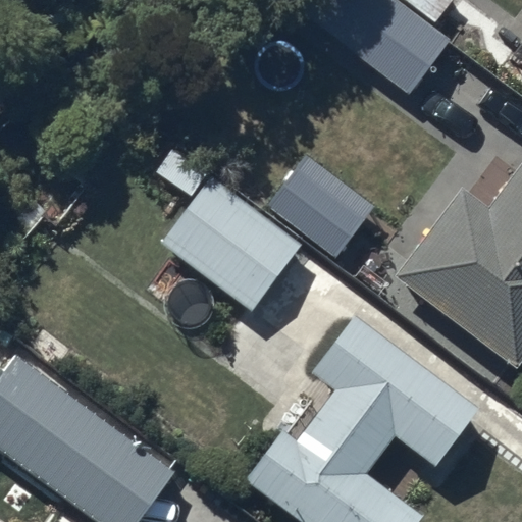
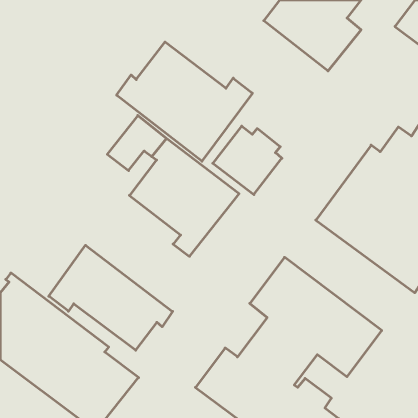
building: none -> [117,42,252,161]
building: none -> [49,245,173,350]

